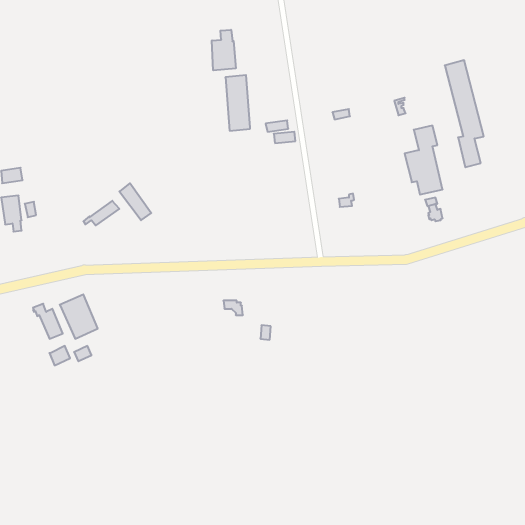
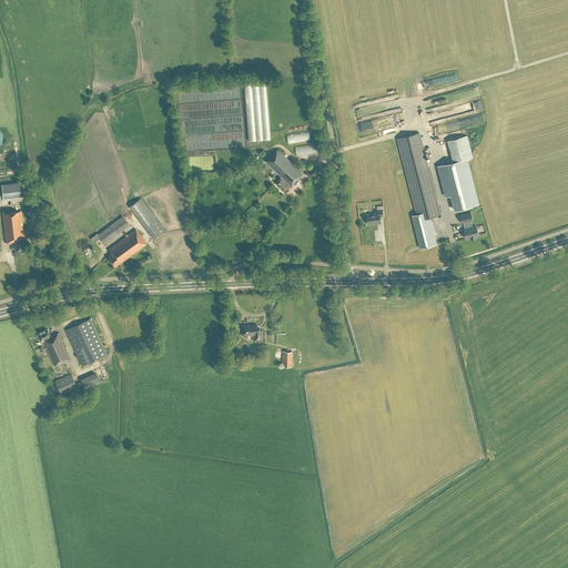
building: [212,30,236,70] -> none
building: [445,60,484,167] -> [396,133,438,248]
building: none -> [264,150,302,192]
building: none -> [106,230,145,267]

